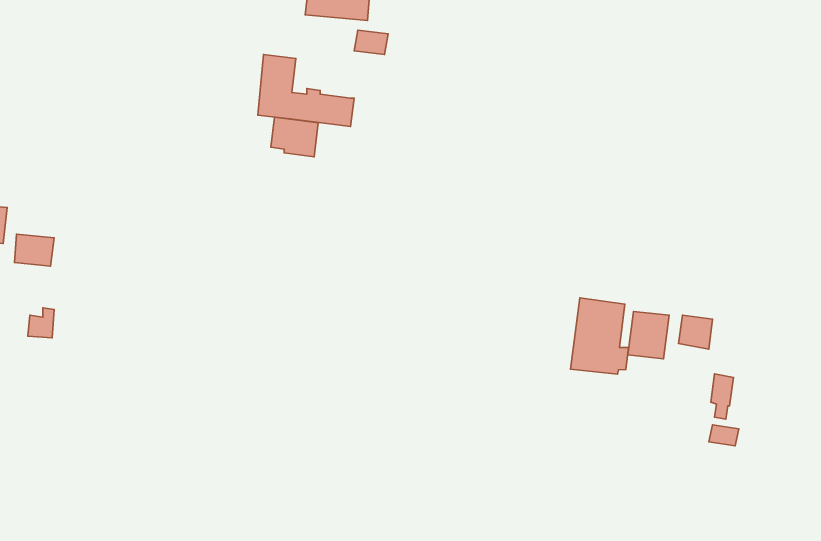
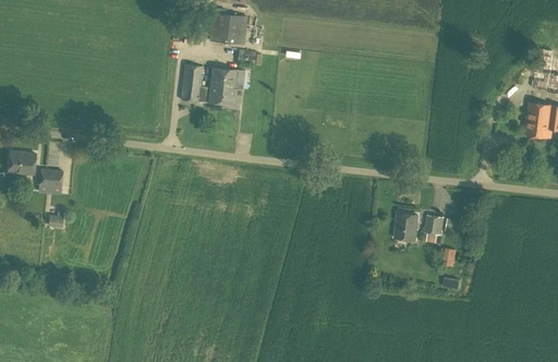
building: [271,117,318,157] -> [209,67,236,89]
building: [571,298,629,374] -> none

